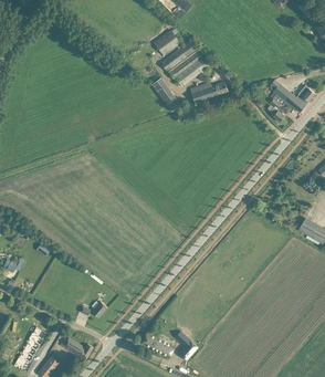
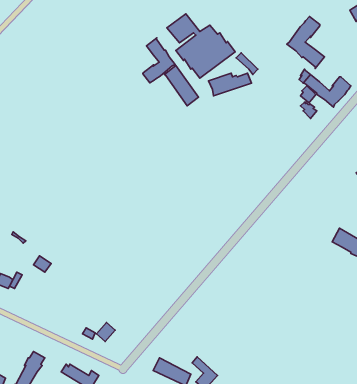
building: none -> [287,17,324,68]
building: none -> [143,38,175,83]

